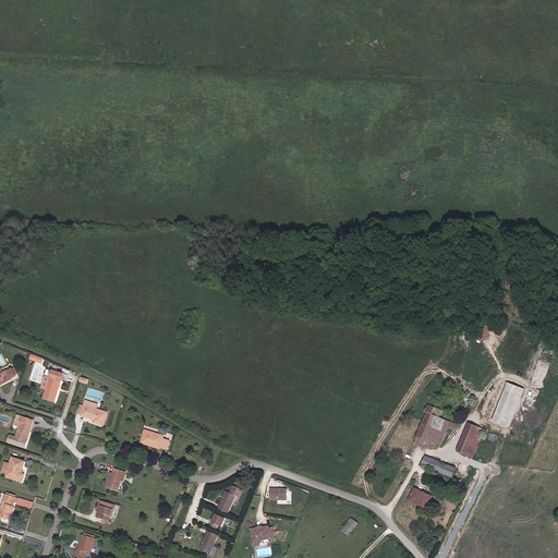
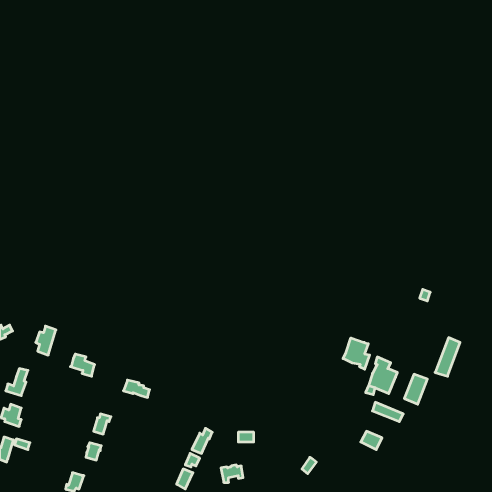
building: none -> [343,338,370,369]

